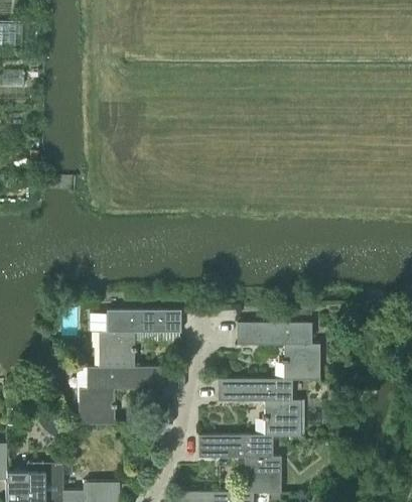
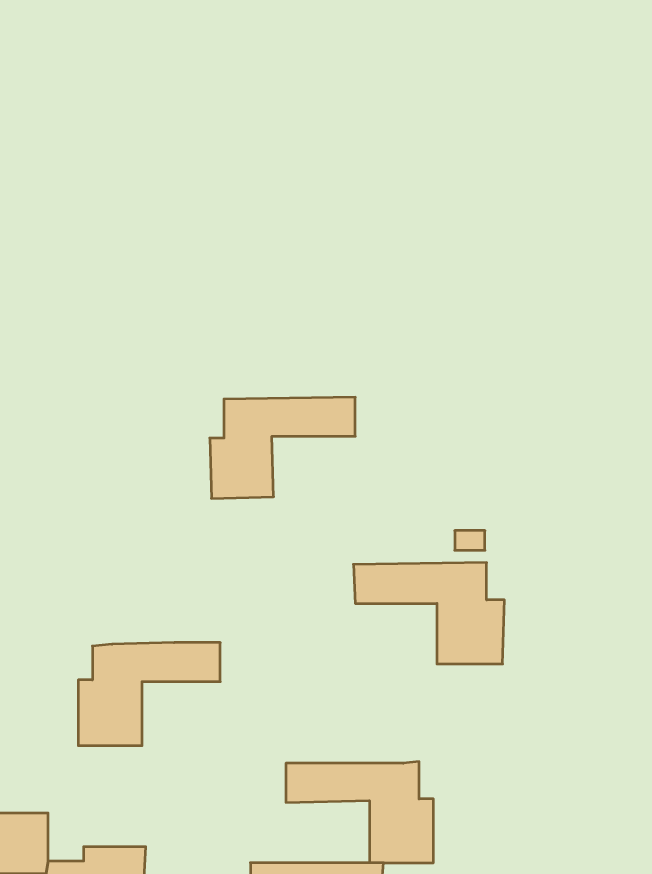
building: [98,310,180,368] -> [210,397,355,498]
building: [217,379,301,435] -> none

